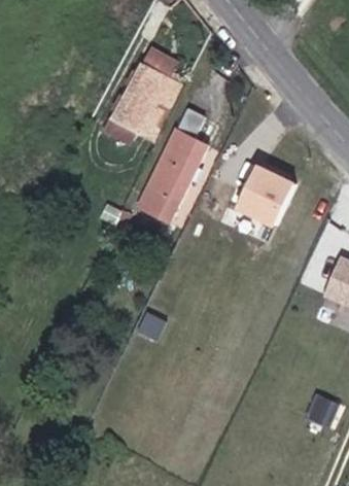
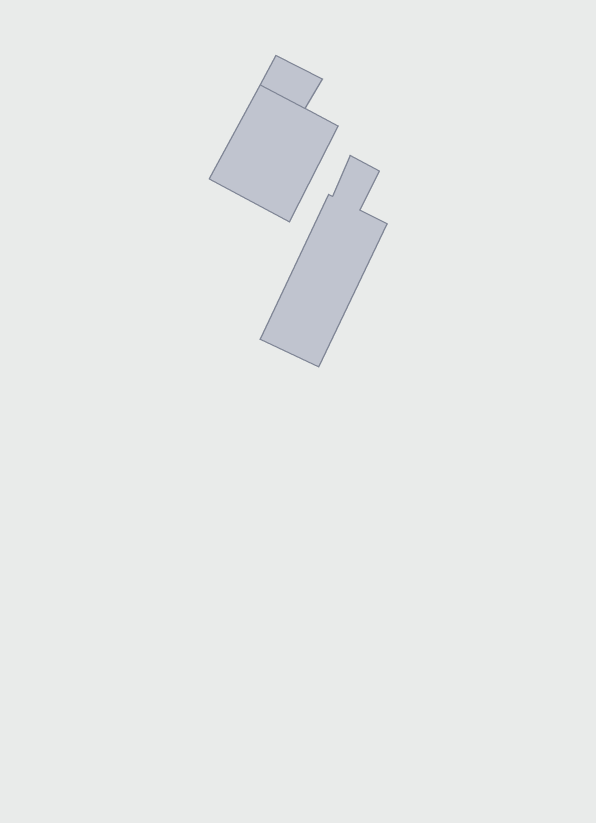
building: [238,161,300,224] -> none

